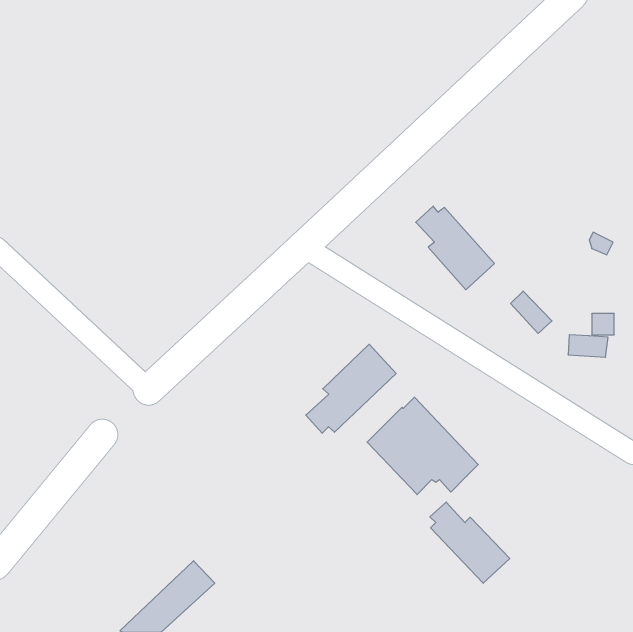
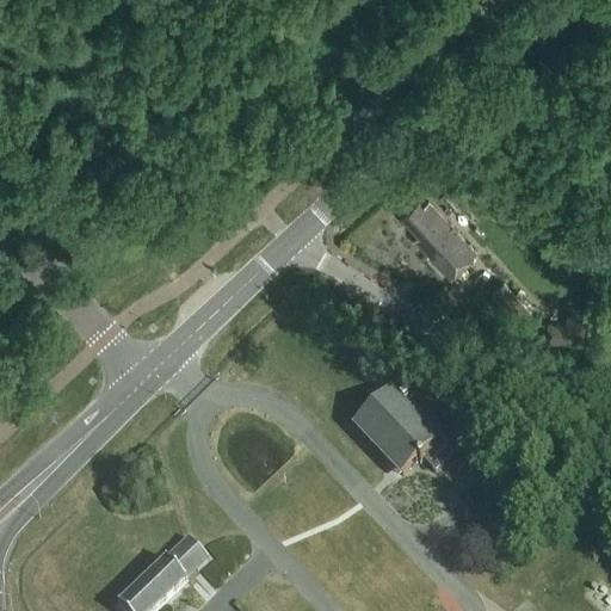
building: [306,344,396,433] -> none
building: [430,502,510,583] -> none

